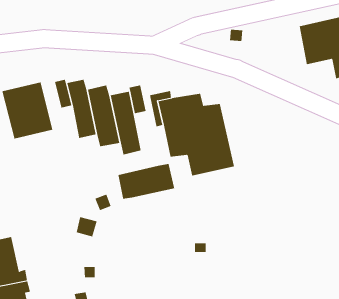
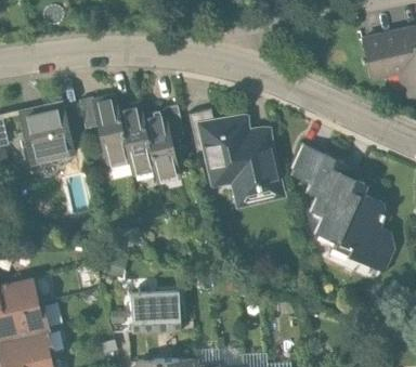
building: none -> [290,143,395,270]
building: [118,163,175,199] -> none
building: none -> [129,290,180,335]

